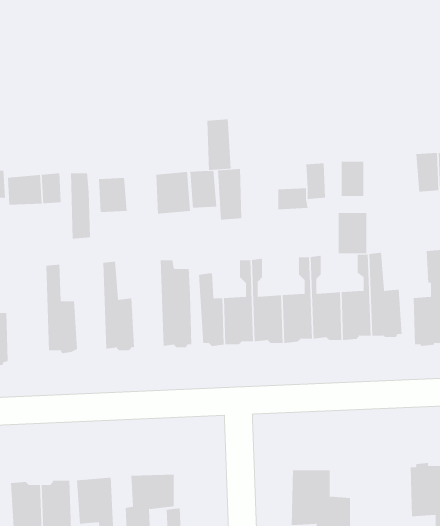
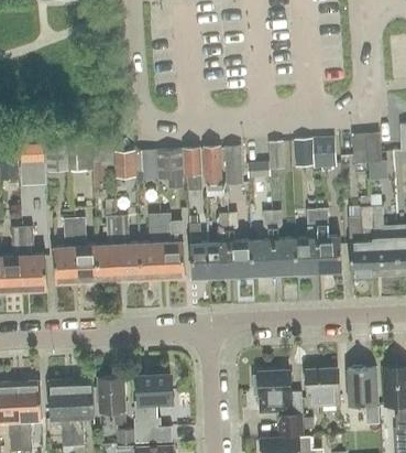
building: [207,119,232,170] -> [224,145,243,184]
building: none -> [134,150,157,181]
building: [338,213,367,254] -> [312,137,334,168]
building: none -> [96,199,119,283]
building: none -> [139,214,162,281]
building: none -> [53,218,76,285]
building: none -> [305,368,338,403]

